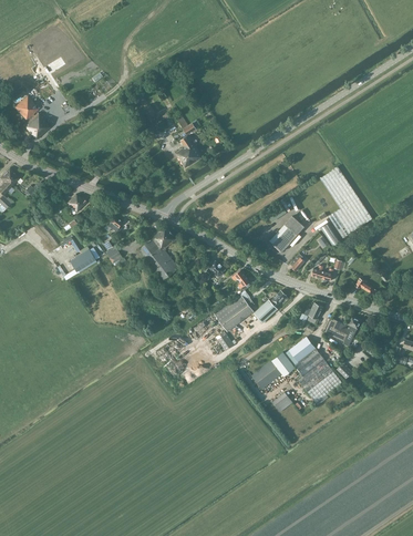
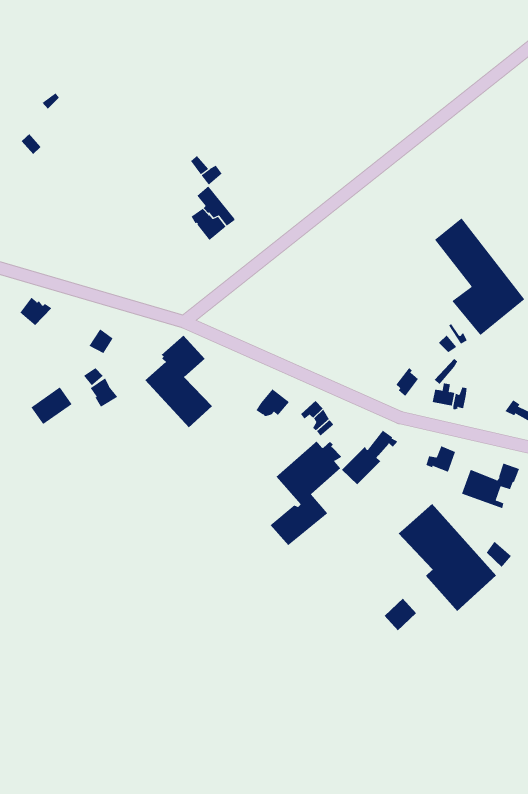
building: [273,216,304,251] -> none
building: [251,351,296,389] -> none

